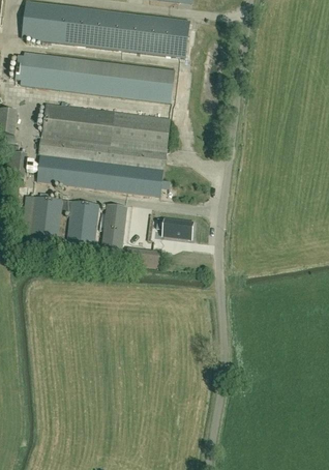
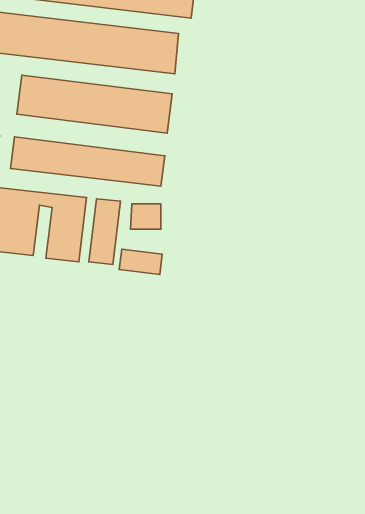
building: [39,138,164,169] -> none
building: [162,219,192,239] -> none

